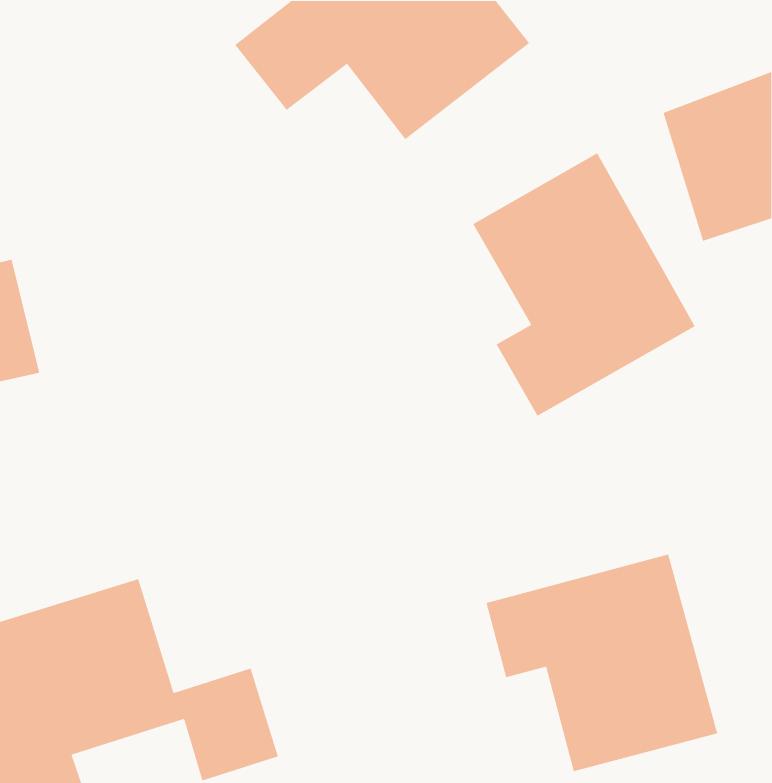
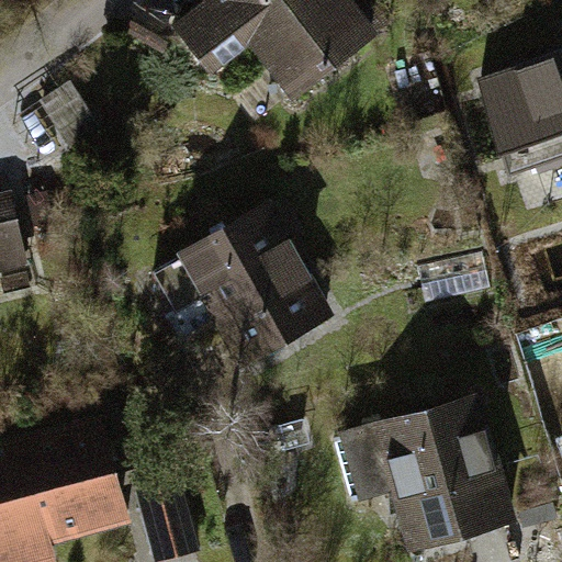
building: [472,152,696,417] -> none
building: none -> [149,200,335,364]

